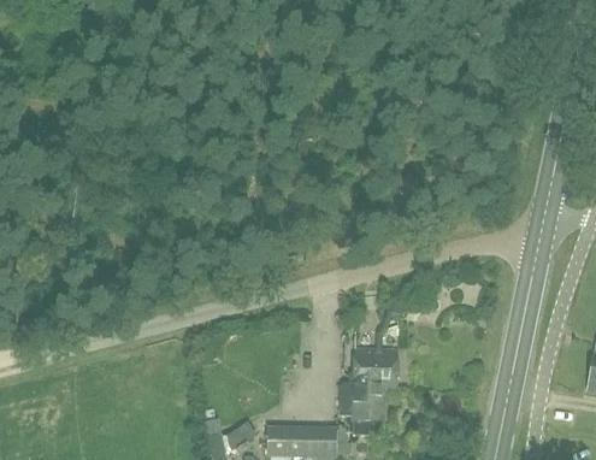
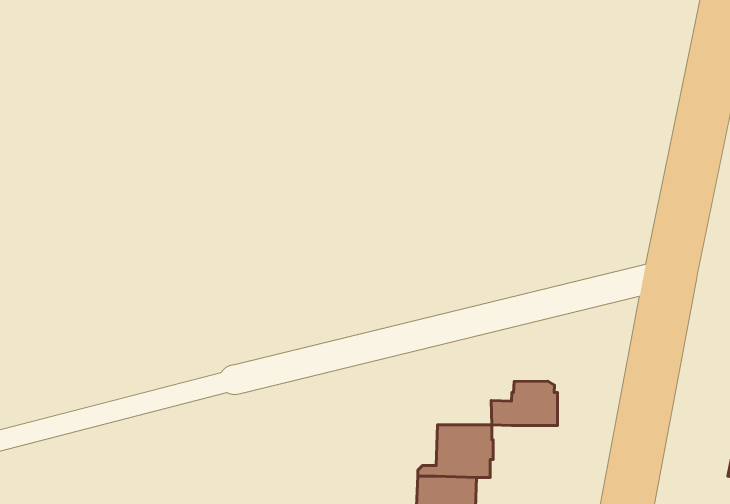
building: none -> [491,381,557,425]

